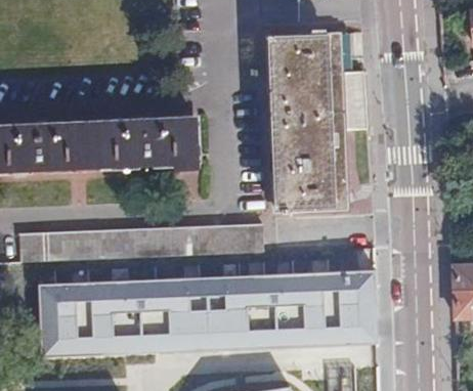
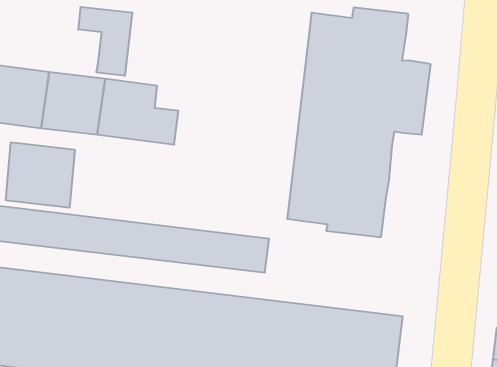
building: [157,118,200,168] -> [78,7,133,76]
building: none -> [6,142,75,208]

